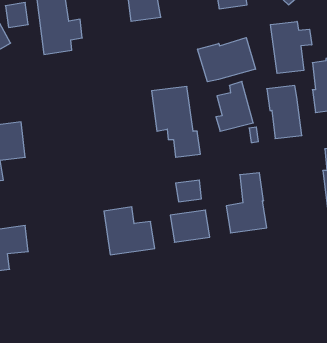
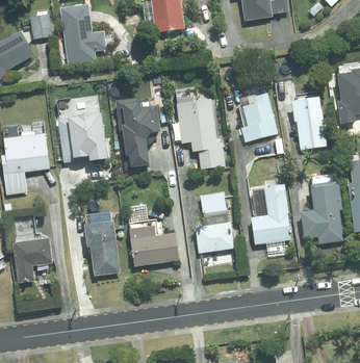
building: [270,21,312,73] -> none
building: [198,38,256,82] -> none
building: none -> [115,99,159,171]
building: none -> [56,113,106,164]
building: none -> [300,175,342,243]
building: none -> [83,222,120,277]

